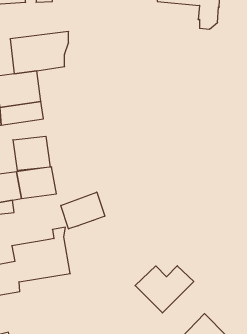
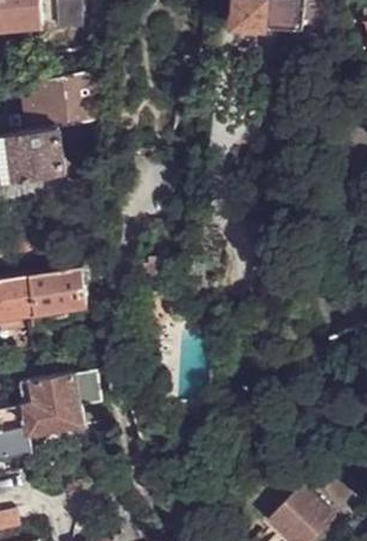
building: [13,136,50,171] -> none
building: [61,192,105,229] -> none
building: [135,266,194,313] -> none

